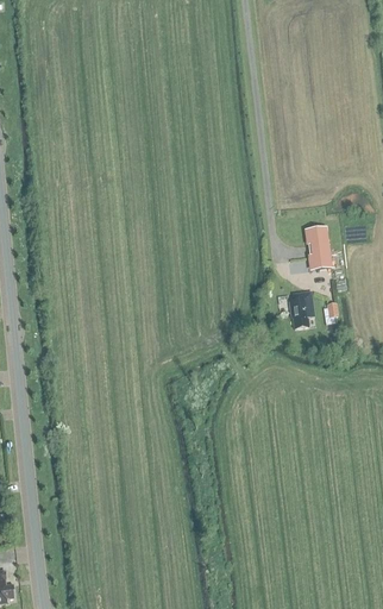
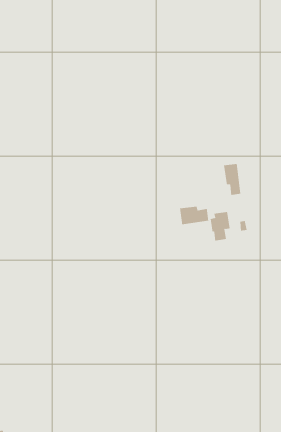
building: none -> [180,206,209,225]

